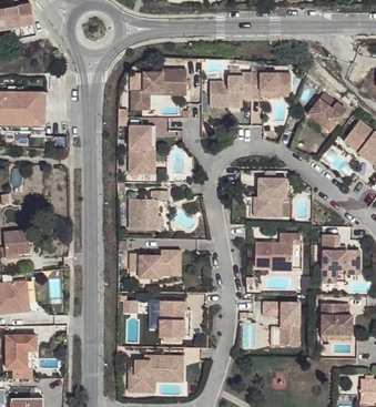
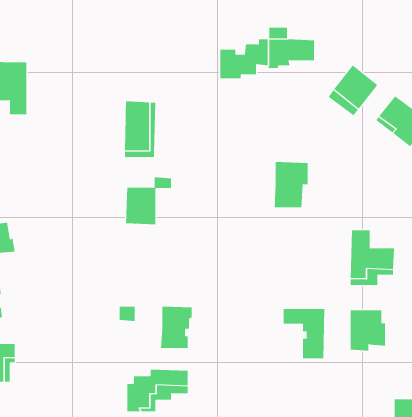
building: [131,69,186,104] -> none
building: [254,234,299,268] -> none
building: [129,250,175,277] -> none

